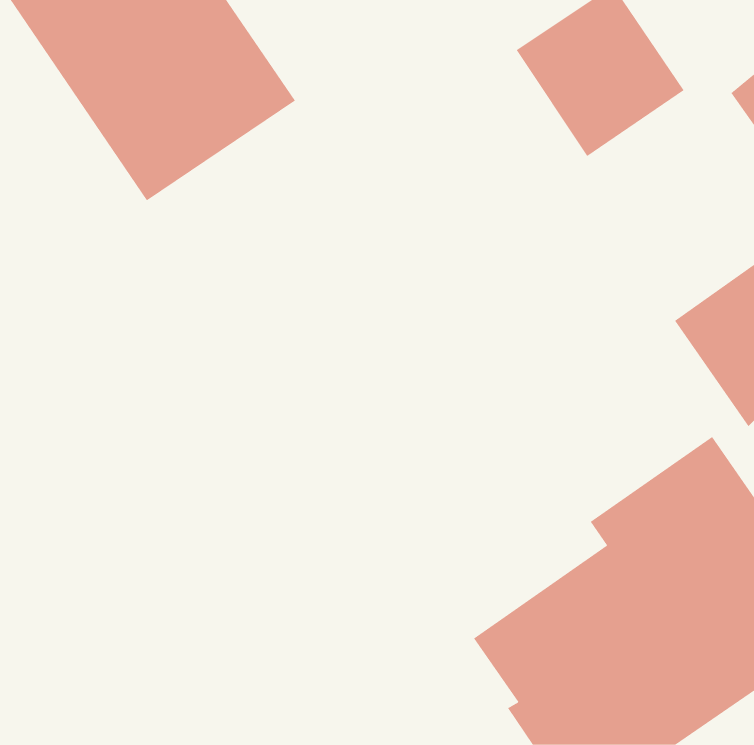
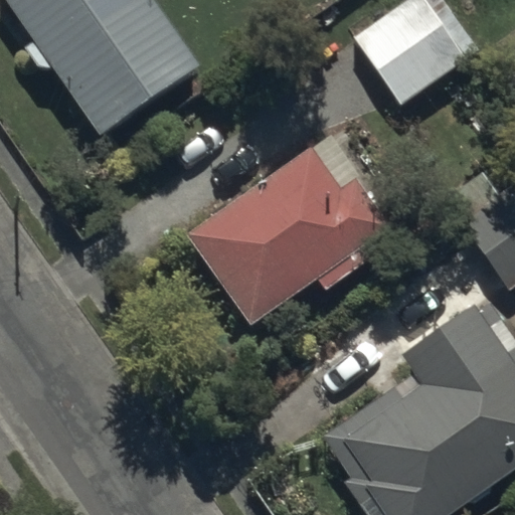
building: none -> [186,136,393,328]

